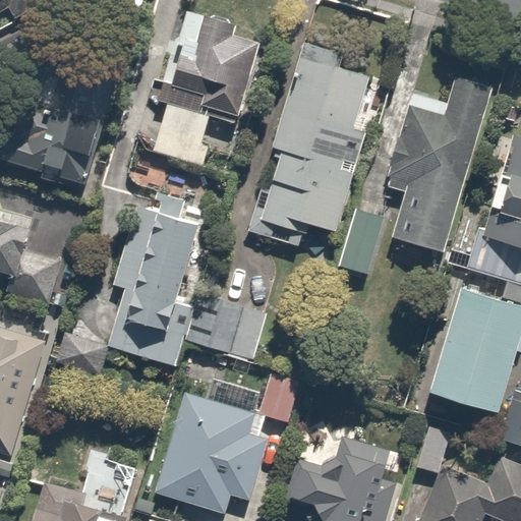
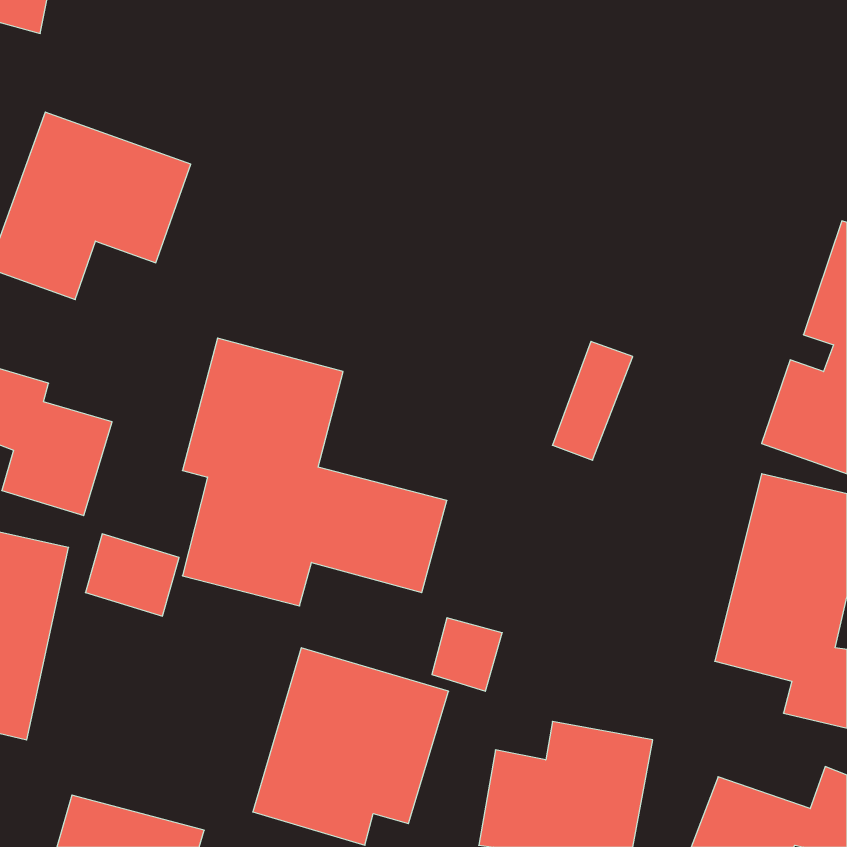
building: [154,4,268,167] -> none
building: [239,34,392,249] -> none
building: [373,80,494,258] -> none

